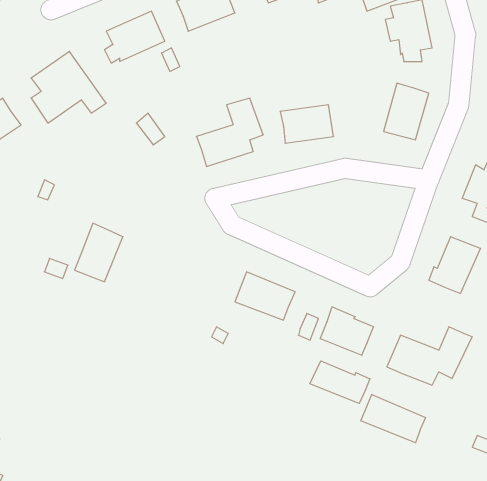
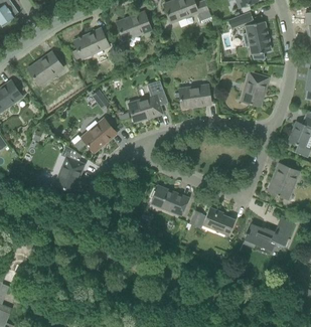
building: none -> [71,118,116,152]
building: [310,361,370,403] -> none
building: [361,394,425,443] -> none

